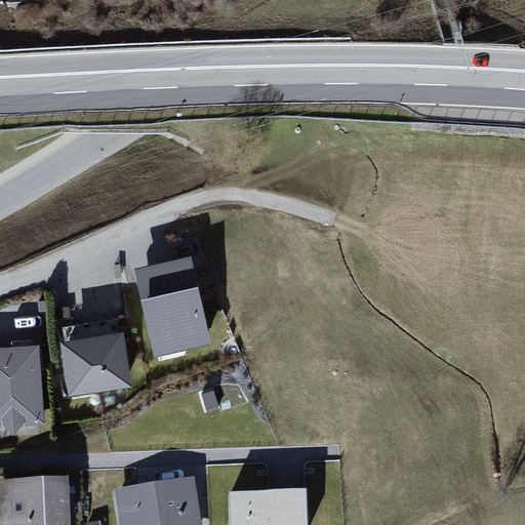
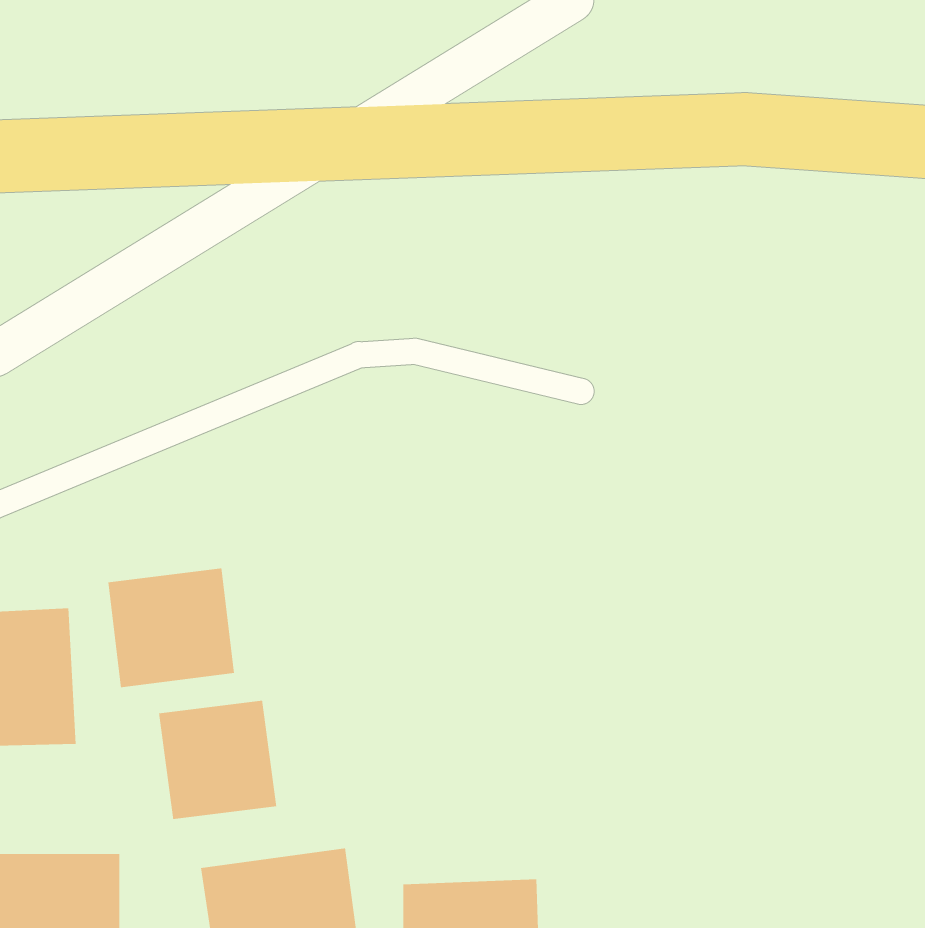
building: [137,259,205,348] -> none
building: none -> [159,700,277,820]

